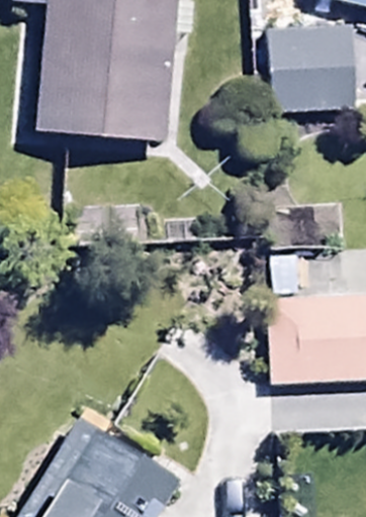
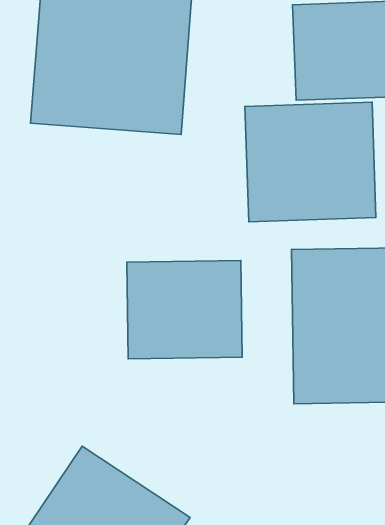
building: none -> [245,102,376,222]
building: none -> [127,260,242,359]

